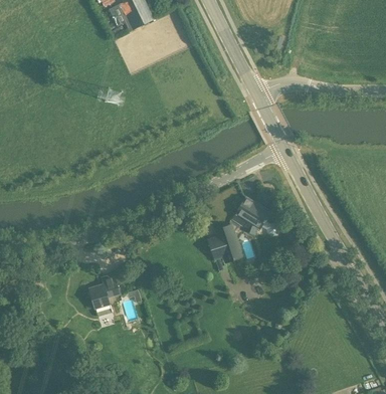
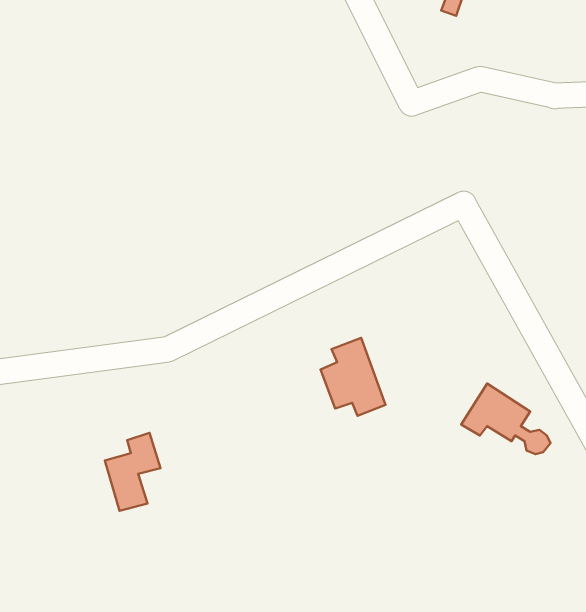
building: [231,197,279,235] -> [461,383,551,454]

